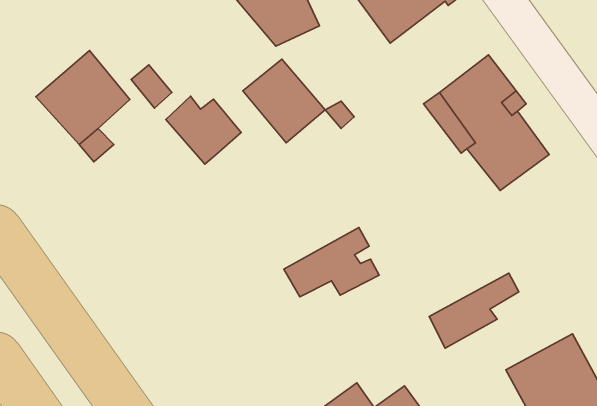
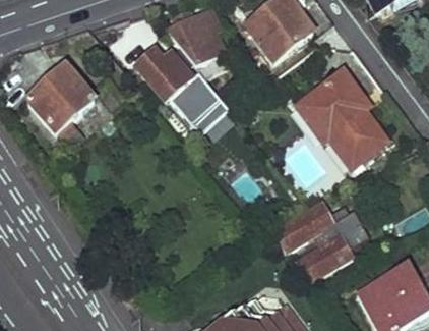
building: [166,96,241,164] -> [137,52,190,100]
building: [284,227,379,297] -> [278,197,345,245]

